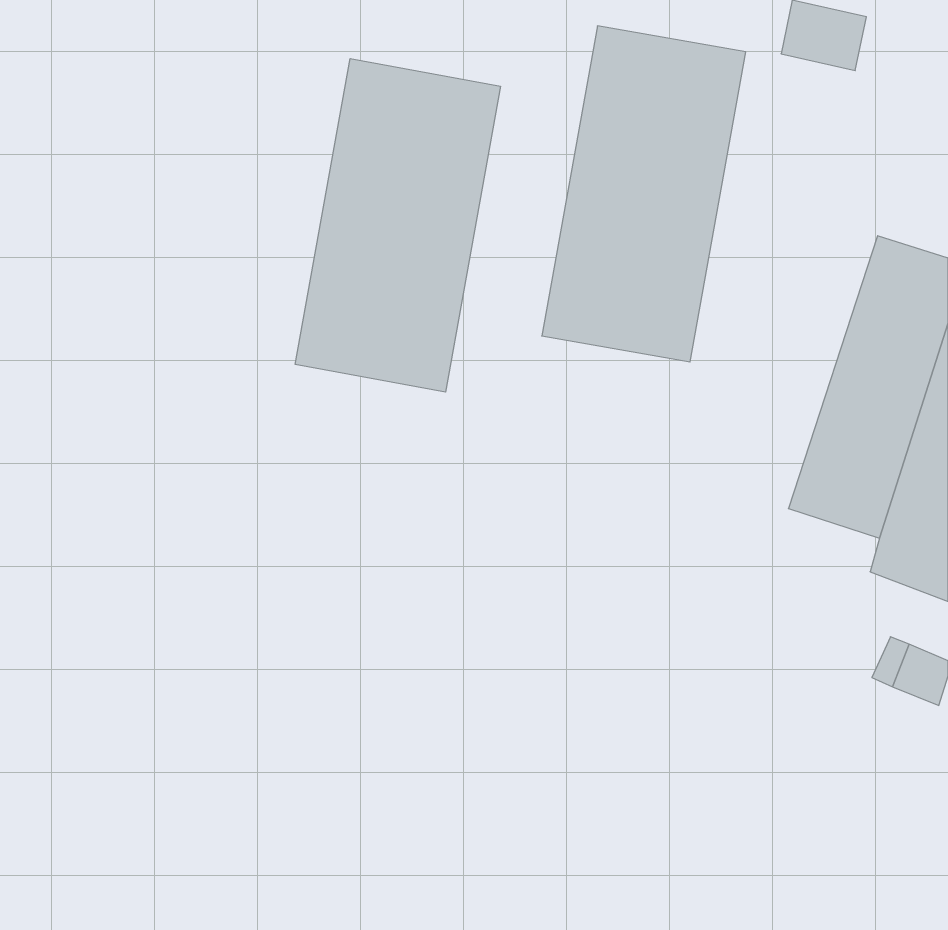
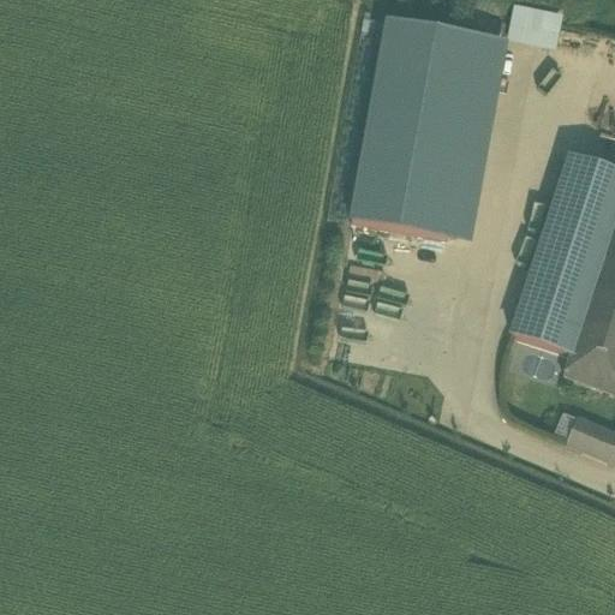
building: none -> [447,34,506,239]
building: [295,59,500,392] -> none

